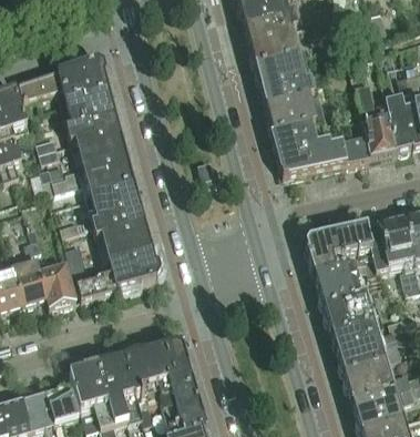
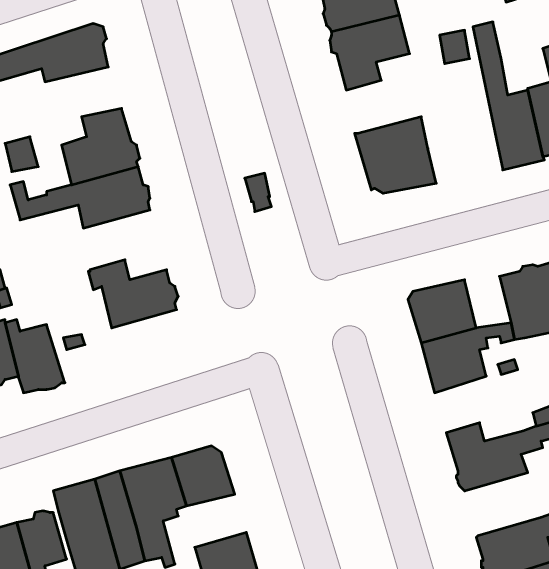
building: [266,75,319,130] -> none
building: [65,85,117,139] -> none
building: [320,133,370,163] -> none
building: [61,181,146,238] -> none
building: [345,223,376,260] -> none
building: [79,247,162,296] -> none
building: [325,291,383,335] -> none
building: [345,356,396,398] -> none
building: [160,370,199,406] -> none

